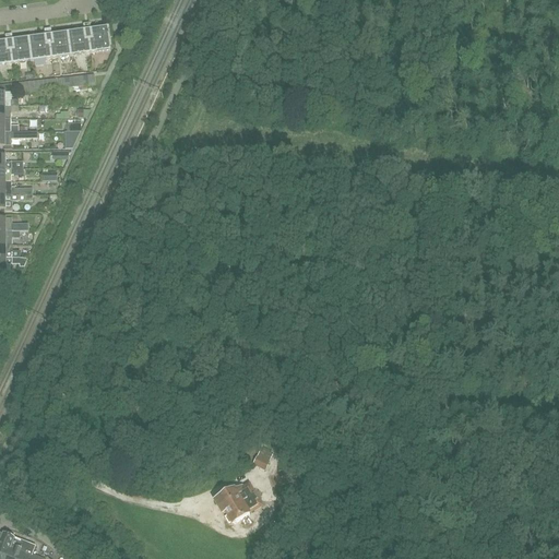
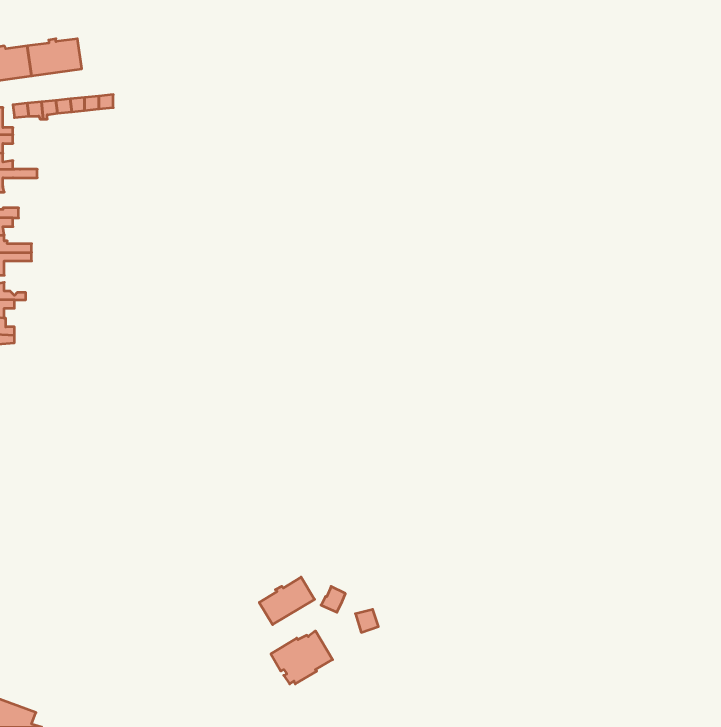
building: [59,24,102,52] -> none
building: none -> [259,577,315,625]

